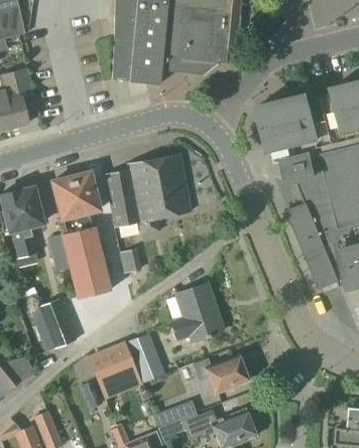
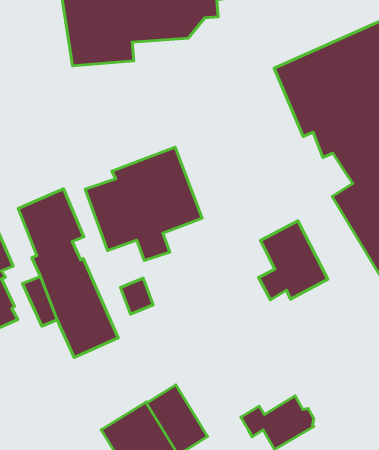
building: [170,284,222,341] -> [259,221,328,300]
building: [31,298,78,352] -> none

